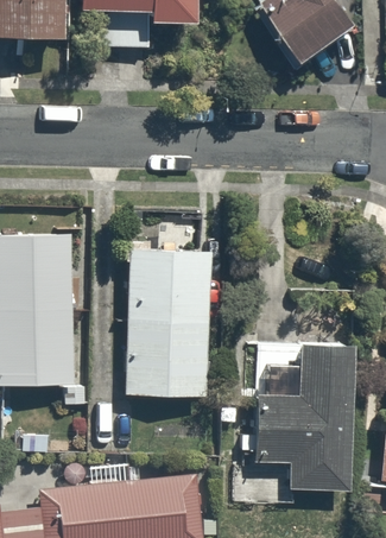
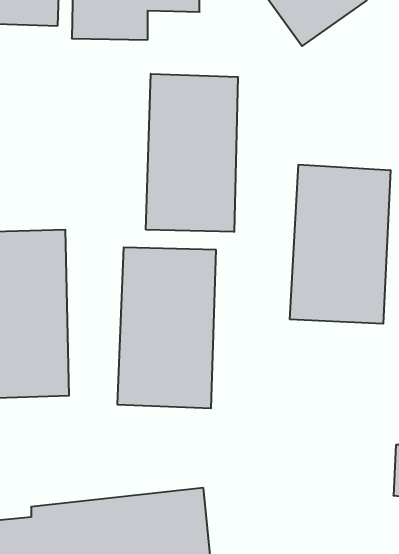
building: none -> [146,74,238,232]
building: none -> [290,165,390,324]
building: [252,337,355,494] -> none

